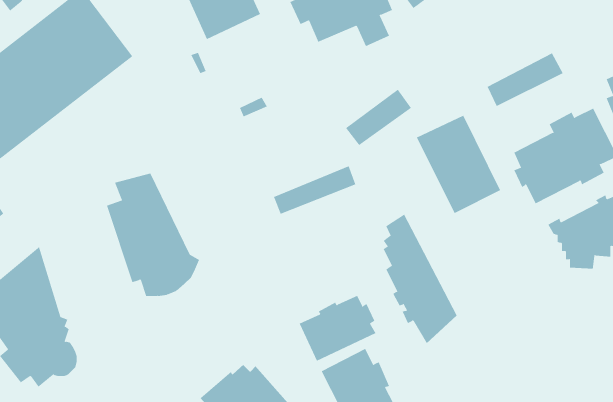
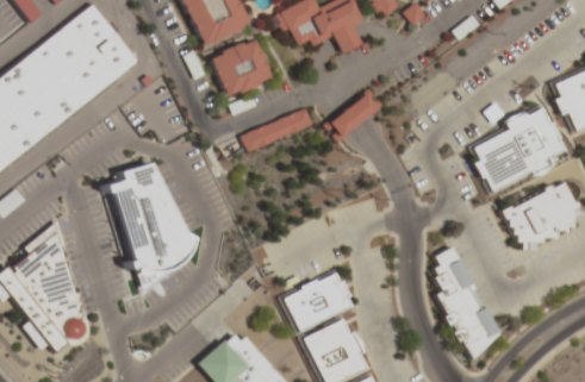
building: none -> [210,39,273,98]
building: [487,52,563,107] -> none
building: [416,115,501,214] -> none
building: [273,166,356,214] -> [241,109,313,152]
building: [383,214,458,344] -> [432,244,498,358]

